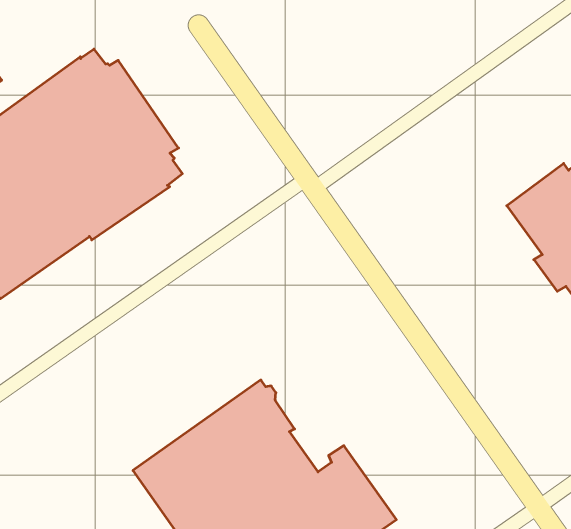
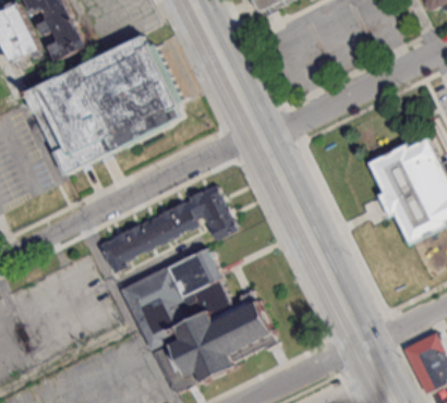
building: none -> [100,183,239,272]

